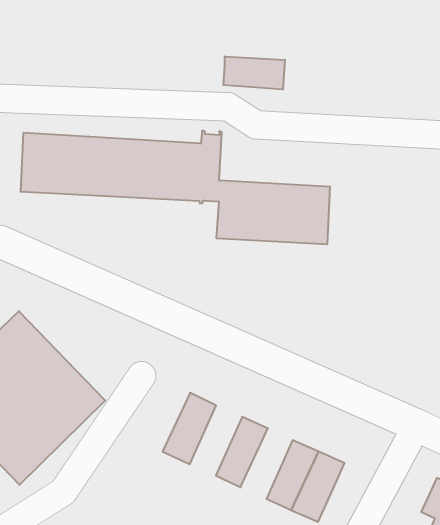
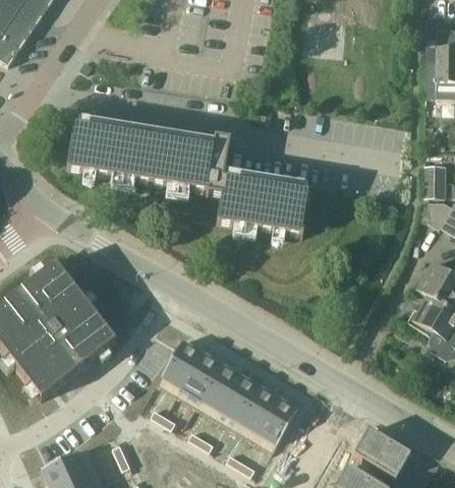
building: [223,56,285,90] -> none
building: none -> [177,350,222,405]
building: none -> [215,372,260,427]

